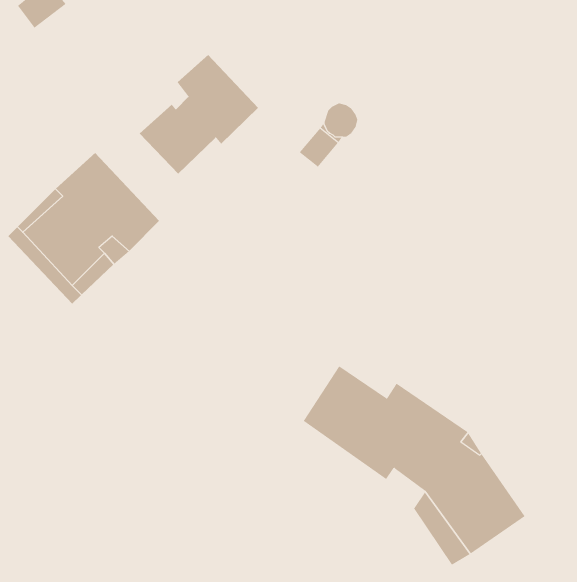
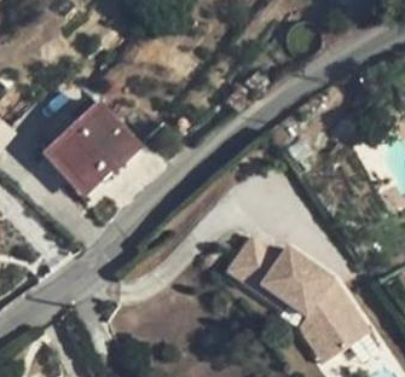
building: [139,54,259,175] -> none

